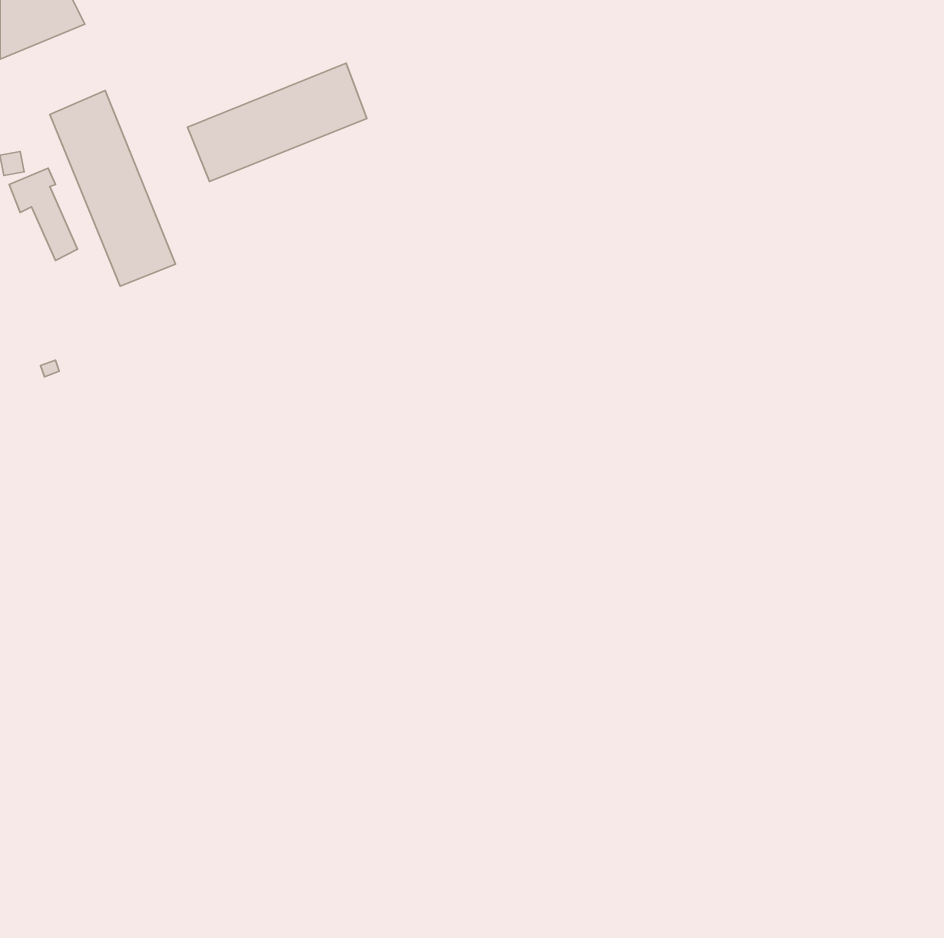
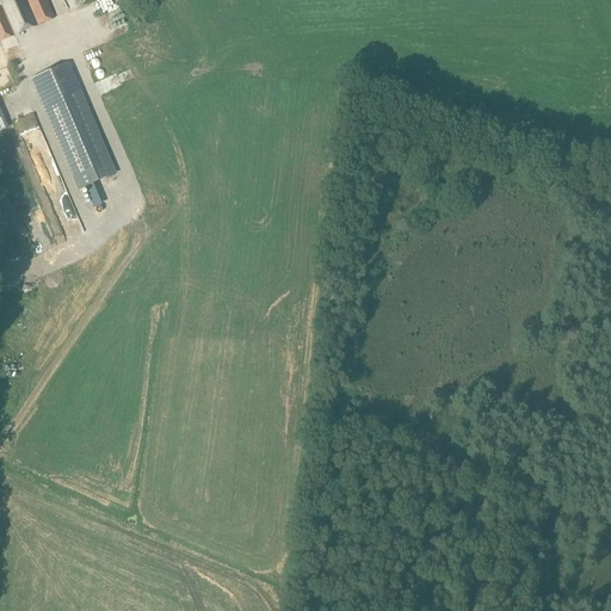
building: [187,63,367,181] -> none

